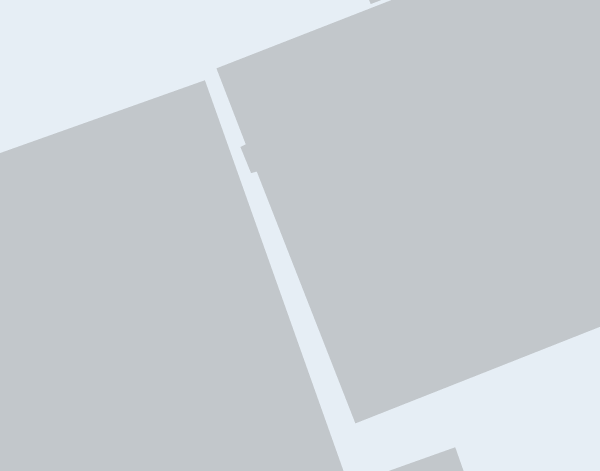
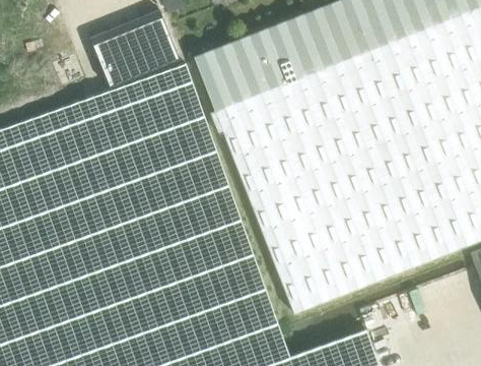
building: none -> [90,11,180,86]

